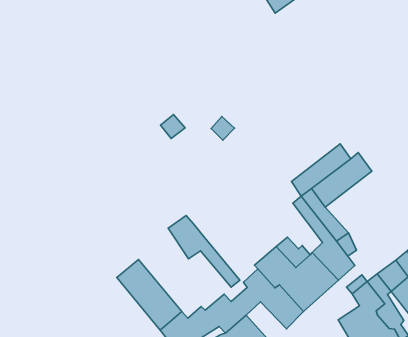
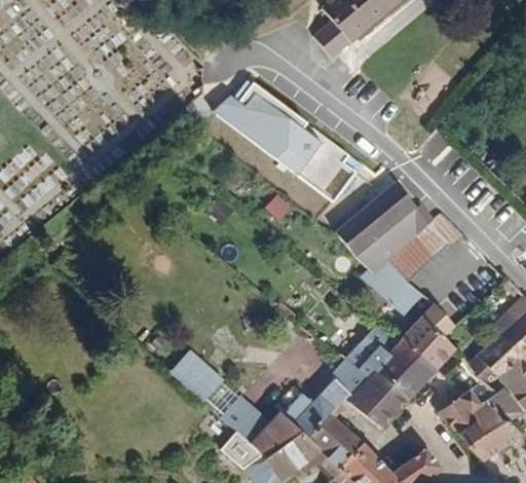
building: none -> [217,69,361,194]
building: none -> [346,186,415,255]
building: [168,216,240,287] -> none

